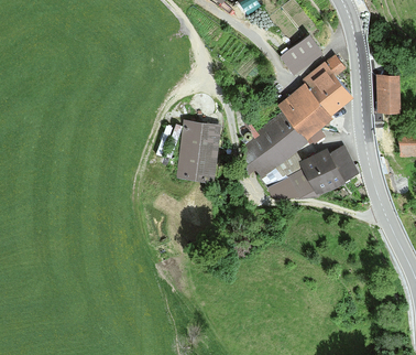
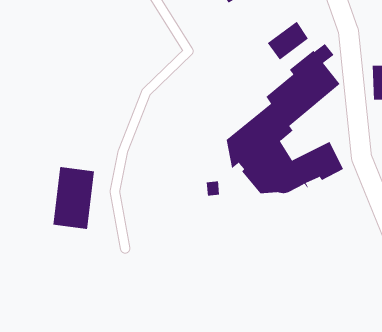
building: [179,121,219,181] -> [53,167,95,230]

